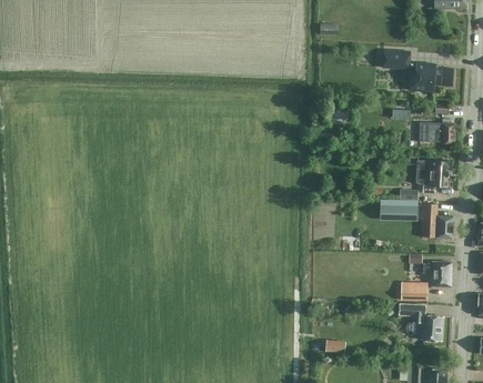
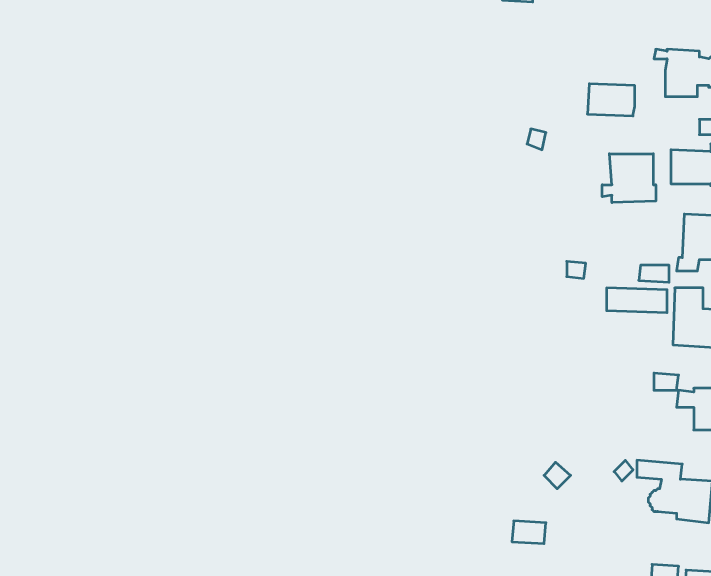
building: [381,50,409,69] -> [587,84,635,116]
building: none -> [602,154,656,203]
building: [400,283,425,301] -> none

